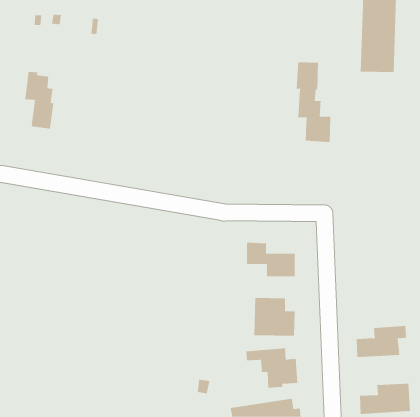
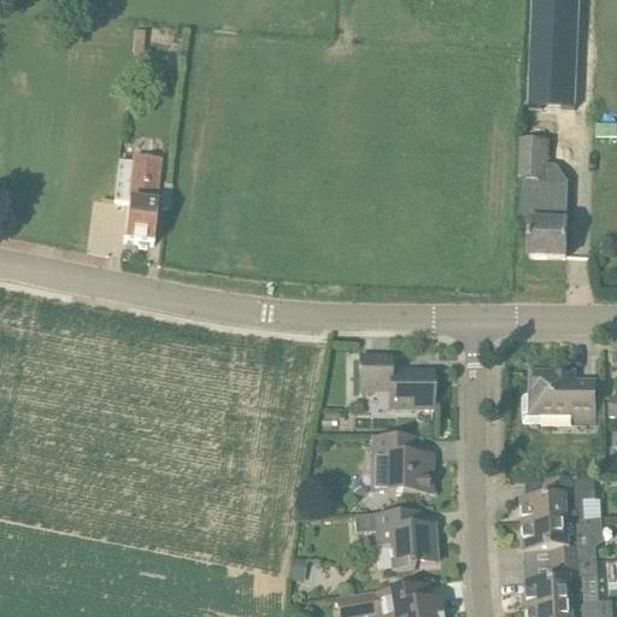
building: [296,62,331,143] -> [517,137,569,255]
building: [24,71,54,129] -> [116,158,159,242]
building: none -> [524,370,595,419]
building: none -> [523,518,605,563]

